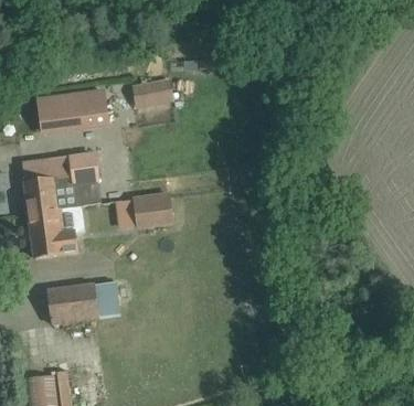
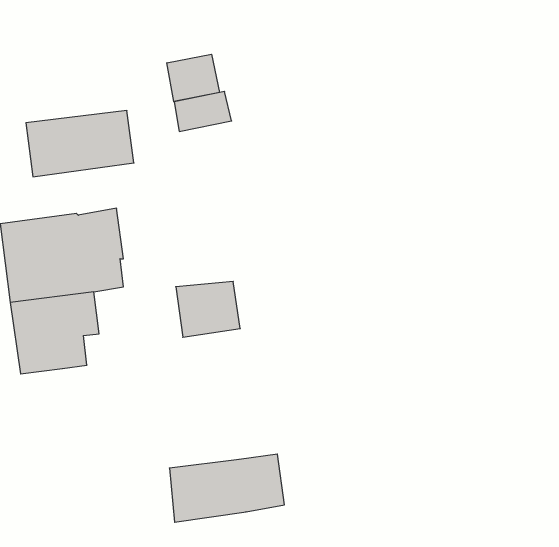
building: none -> [167,54,220,102]
building: [47,280,120,323] -> [169,454,284,522]

